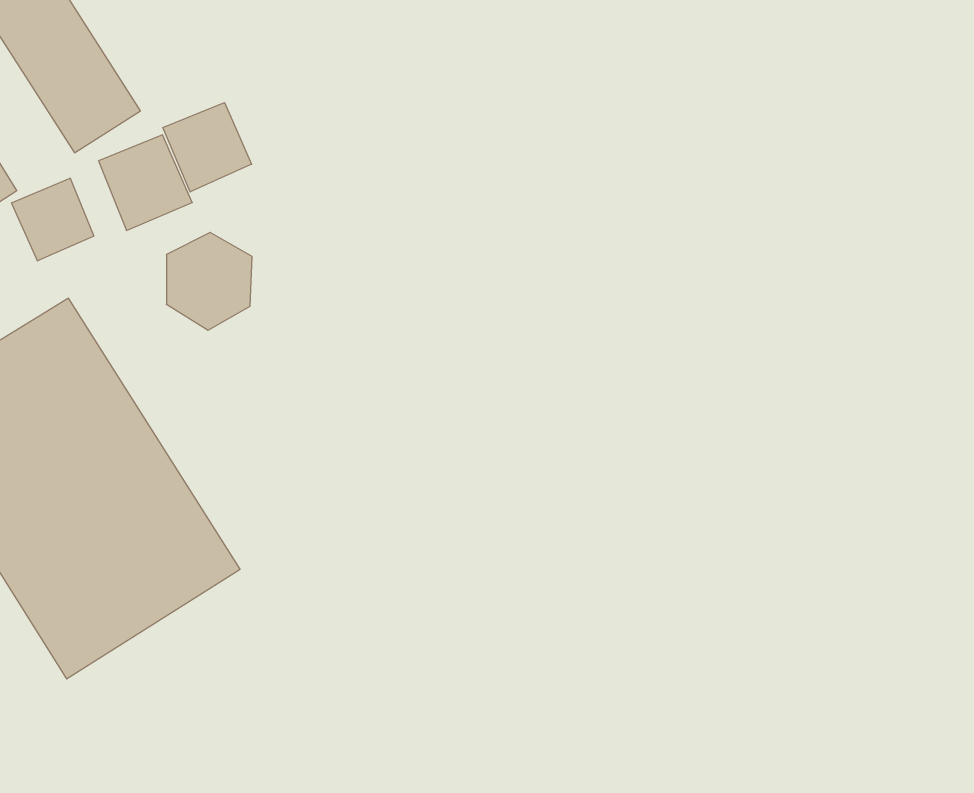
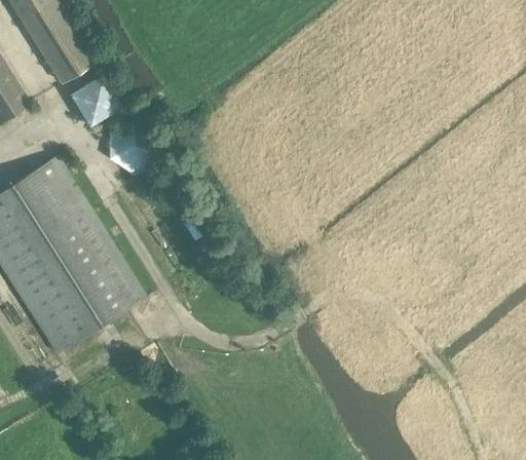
building: [163,103,252,192] -> none
building: [12,178,94,261] -> none

